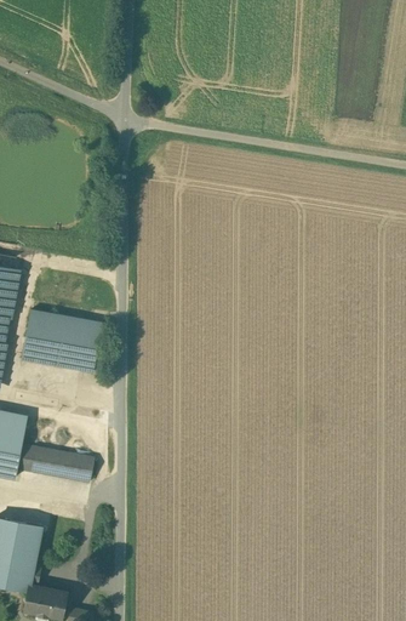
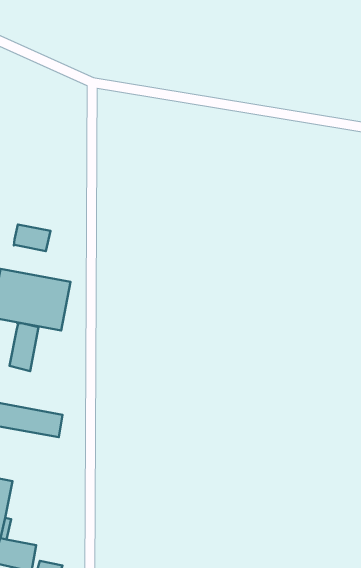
building: none -> [14,225,51,251]
building: none -> [9,323,38,371]

